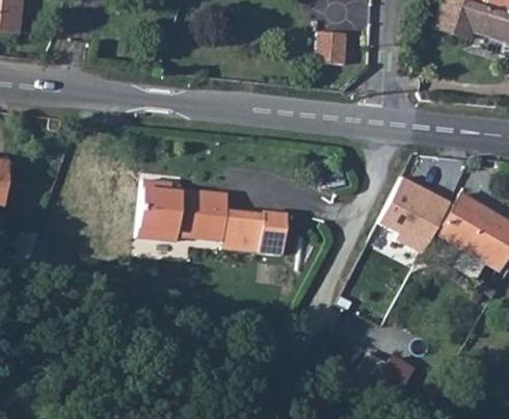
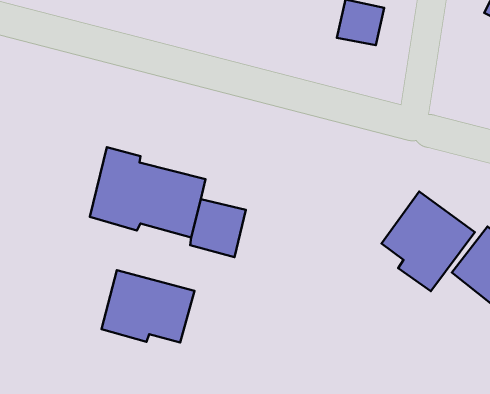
building: [262,210,289,253] -> none
building: none -> [102,270,195,342]

